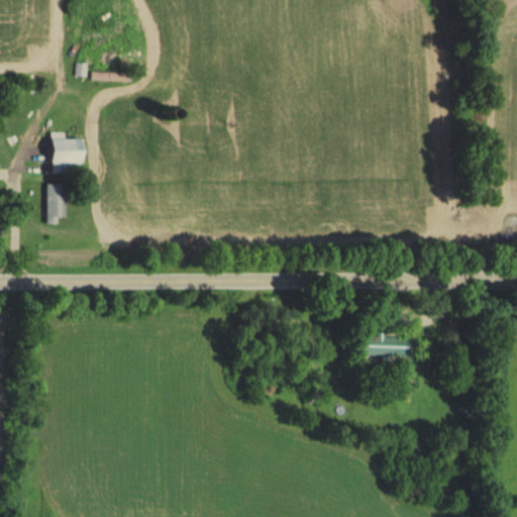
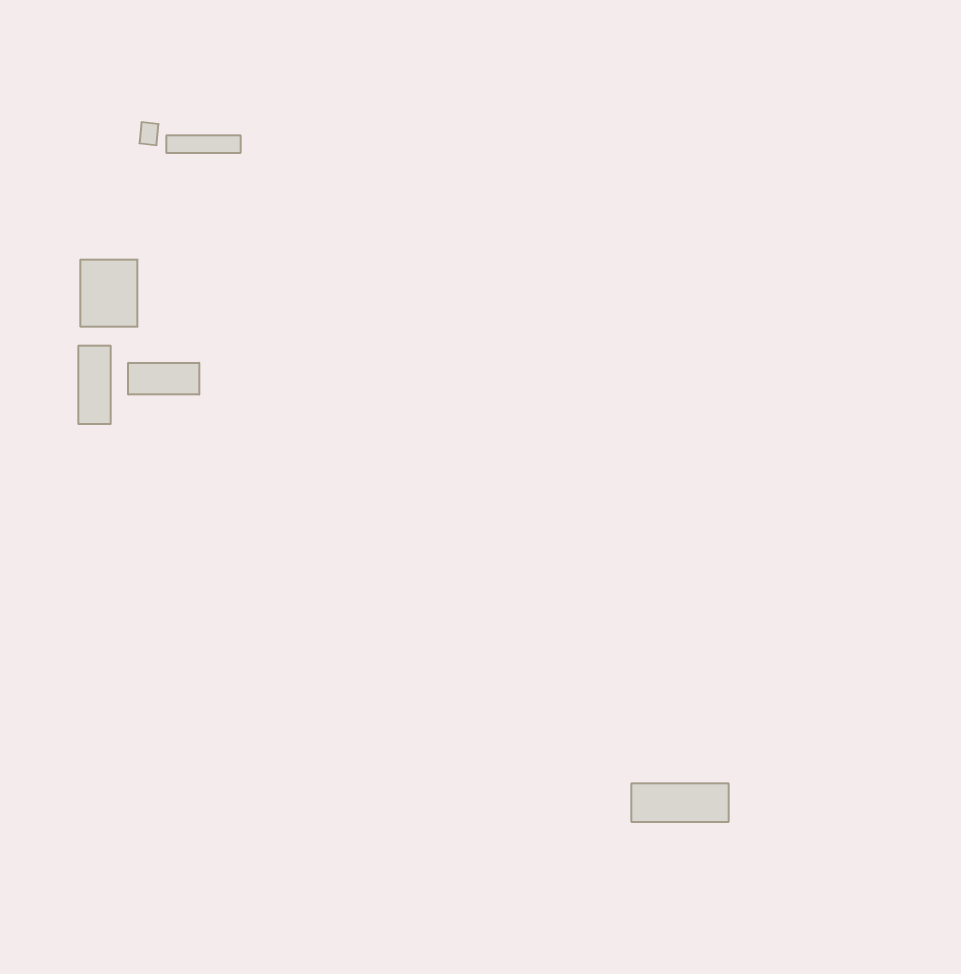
building: none -> [128,363,199,395]
building: [359,335,411,355] -> [631,784,729,822]

